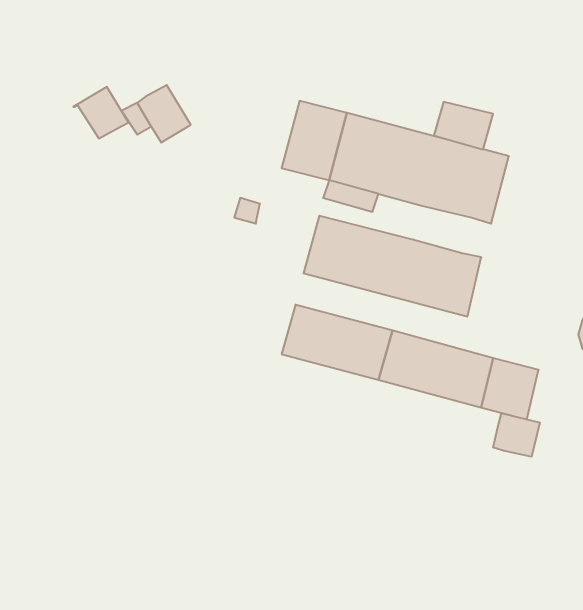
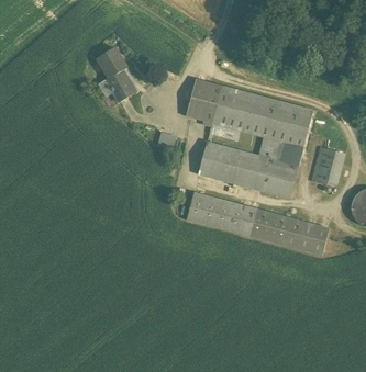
building: [73,87,129,138] -> [96,47,126,76]
building: [434,102,493,149] -> [258,136,291,162]
building: none -> [311,146,344,185]
building: [493,413,540,457] -> none

